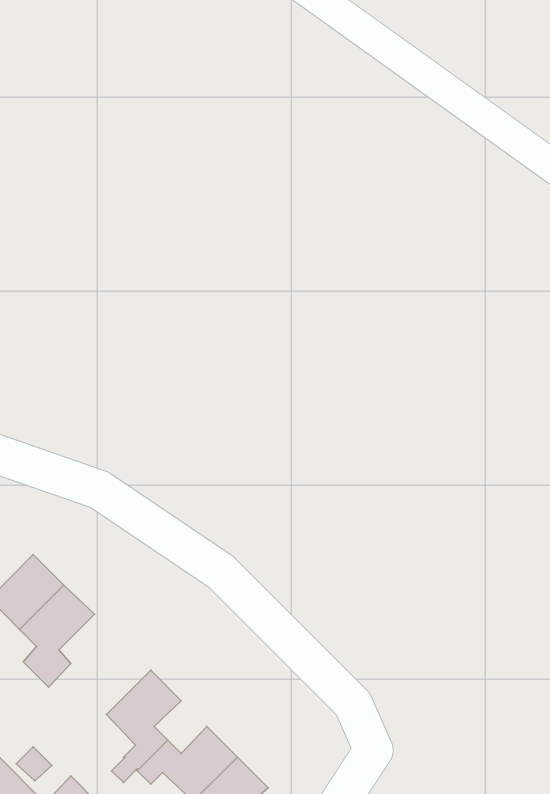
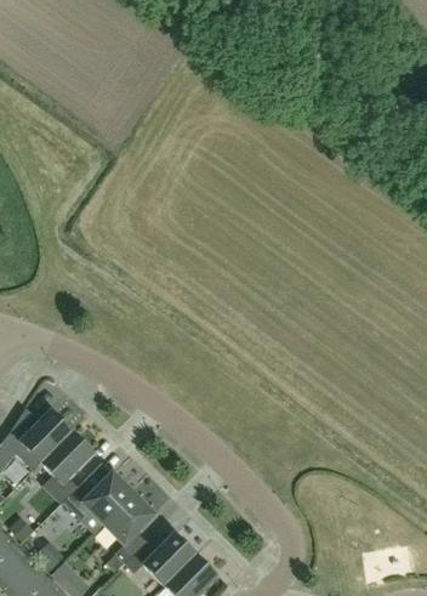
building: none -> [63,472,133,524]

